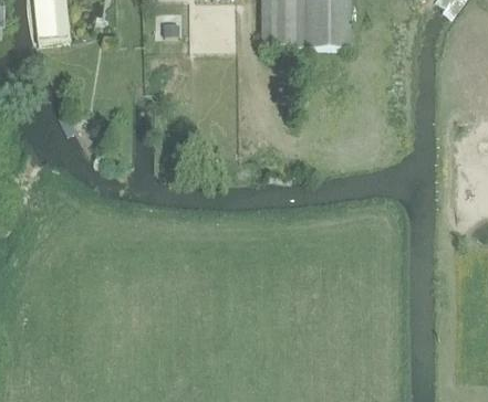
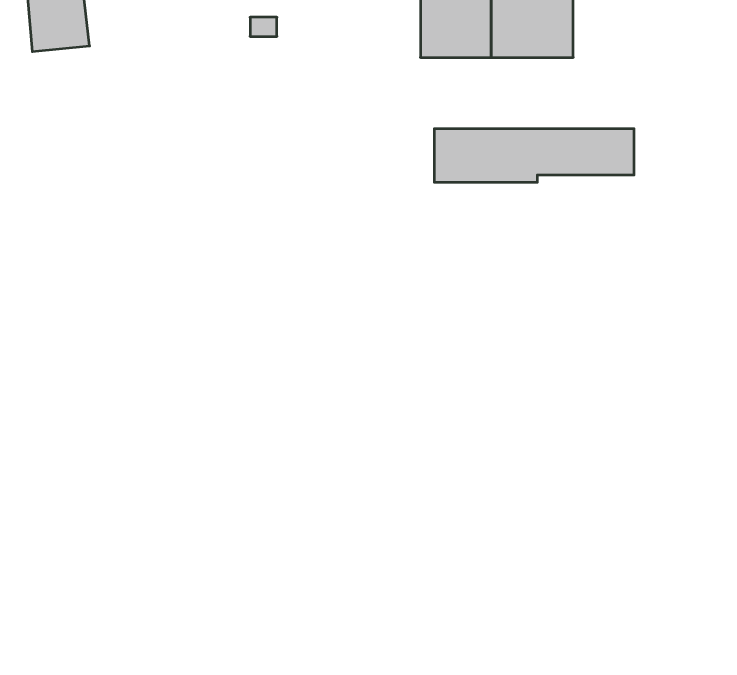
building: none -> [434,129,634,182]

